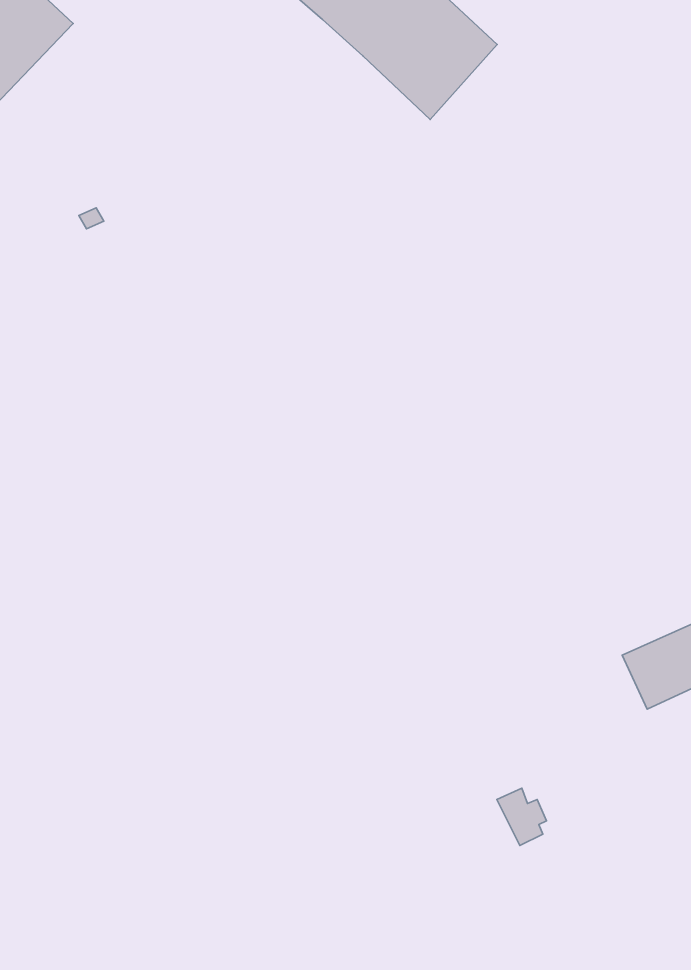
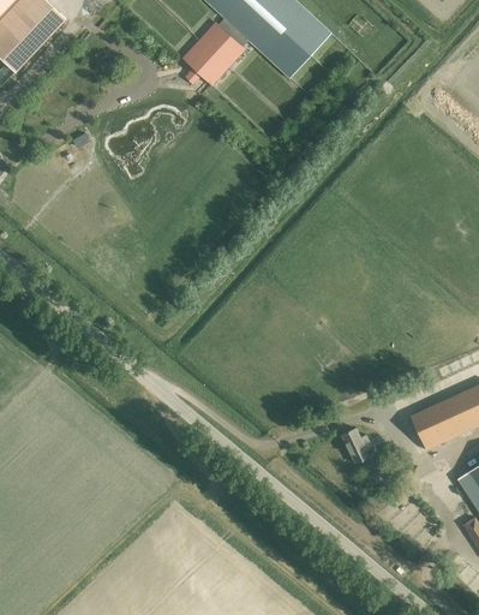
building: none -> [181,20,246,85]
building: [497,788,547,846] -> [341,426,372,462]

